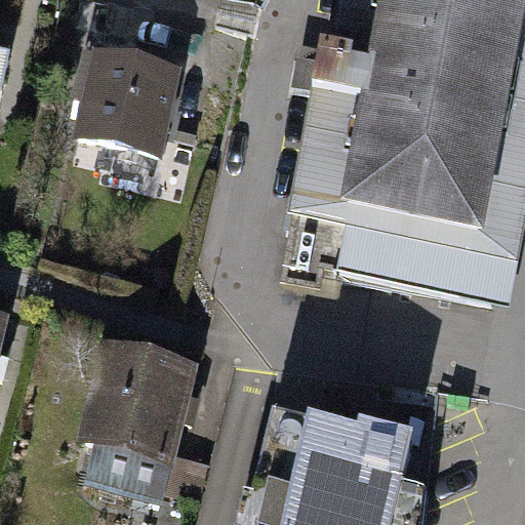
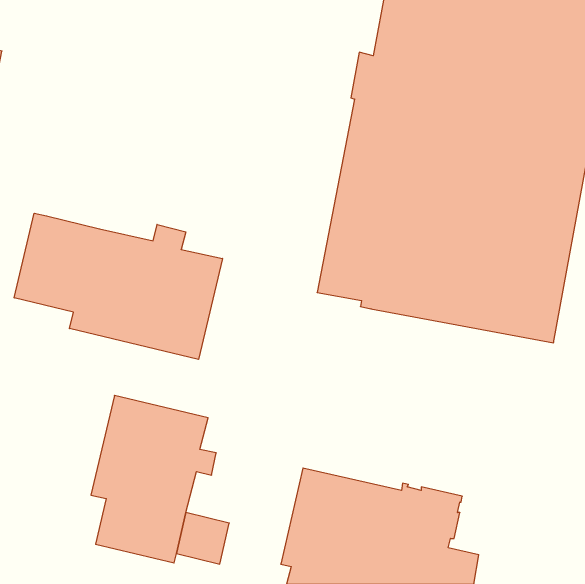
building: [82,50,210,146] -> none
building: none -> [14,213,222,359]

